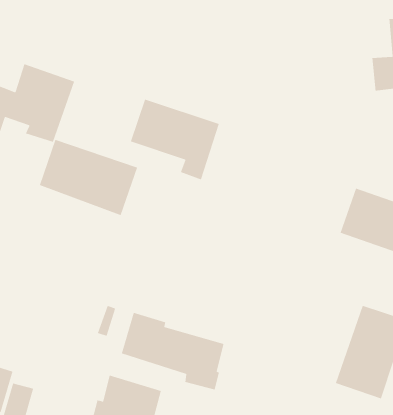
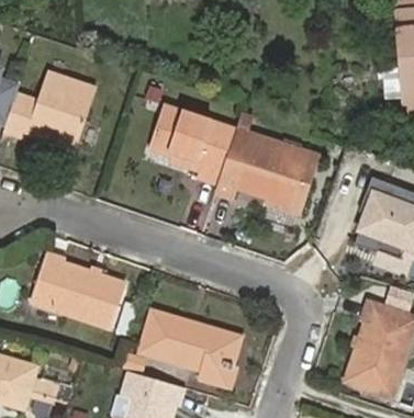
building: none -> [214,128,316,212]
building: [39,139,138,216] -> [30,255,125,329]

